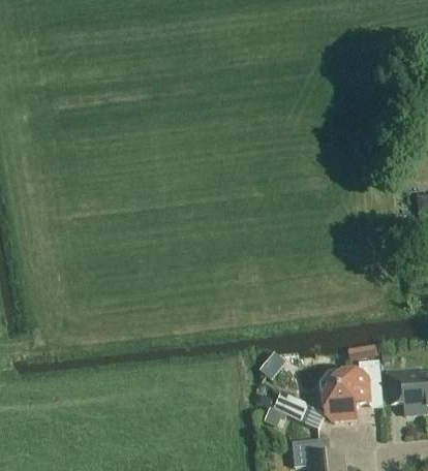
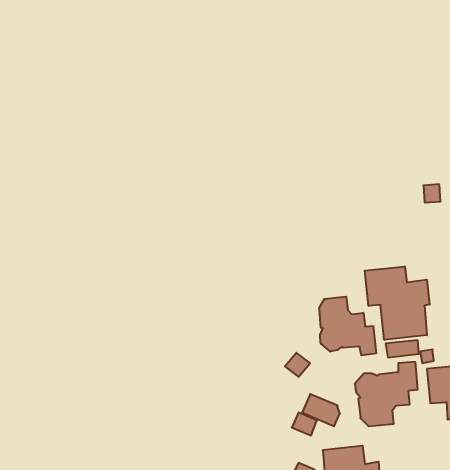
building: none -> [365,266,430,340]
building: none -> [319,297,376,355]

